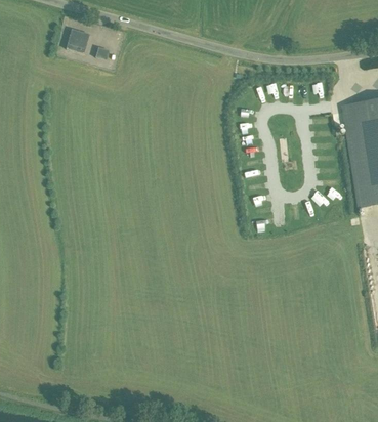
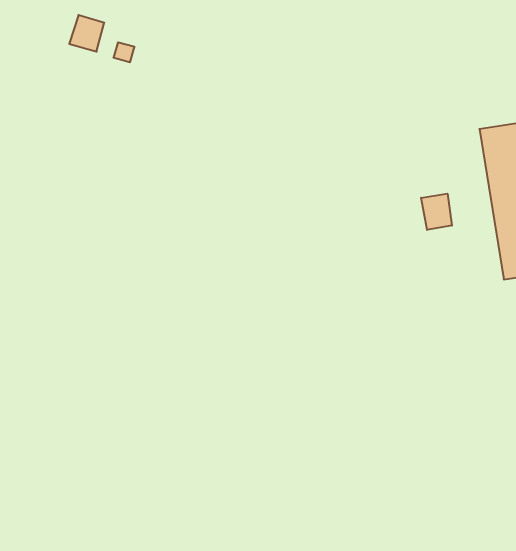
building: none -> [421,194,452,230]

